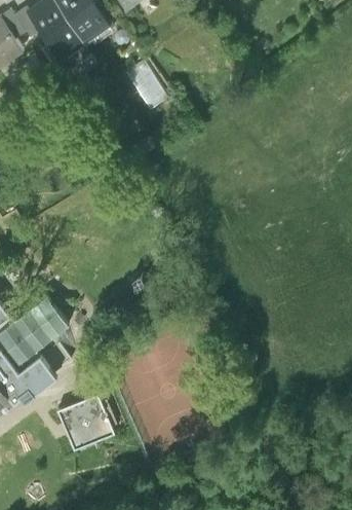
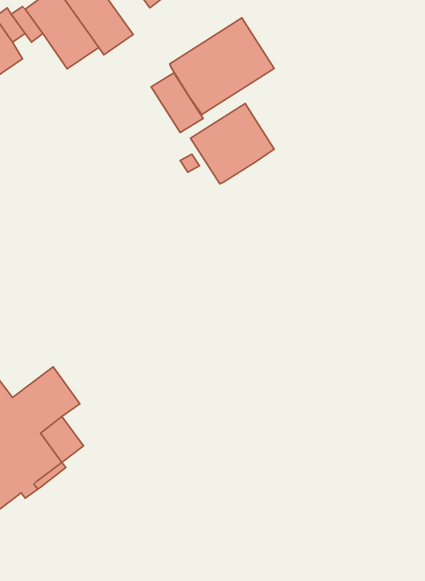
building: none -> [170,18,274,115]
building: none -> [191,103,274,184]
building: [57,396,118,453] -> none

